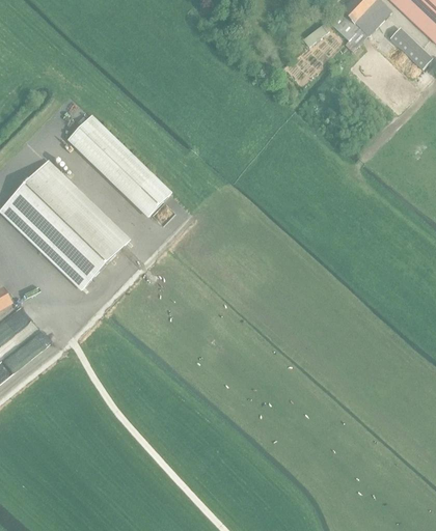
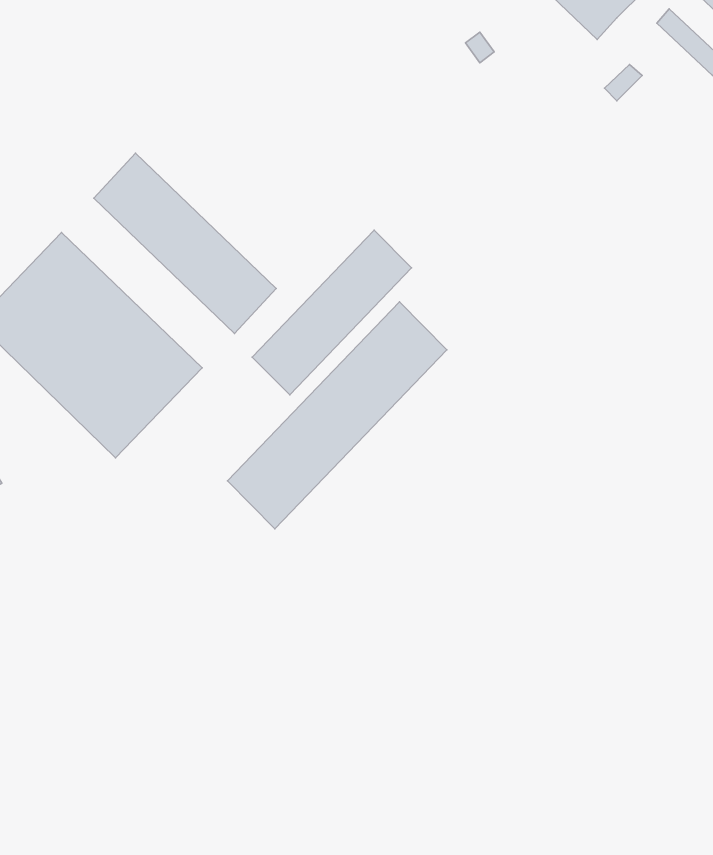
building: none -> [252,230,412,395]
building: none -> [228,302,447,529]

